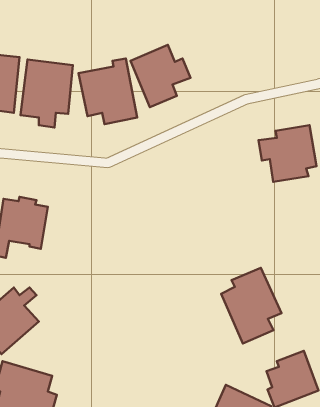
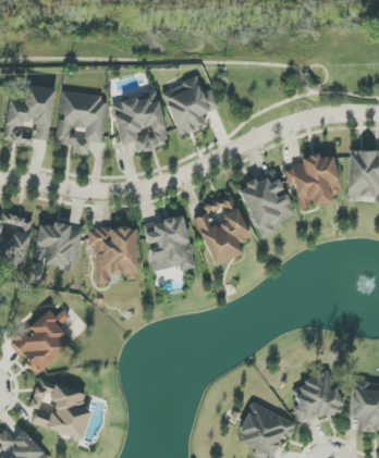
building: none -> [237,173,295,238]
building: none -> [143,216,194,271]
building: none -> [88,227,136,283]
building: [221,268,281,344] -> [193,194,250,267]

